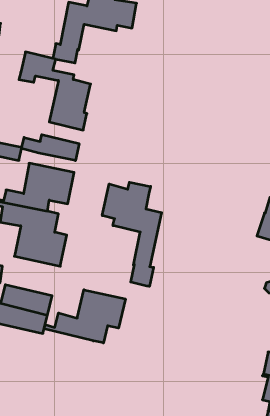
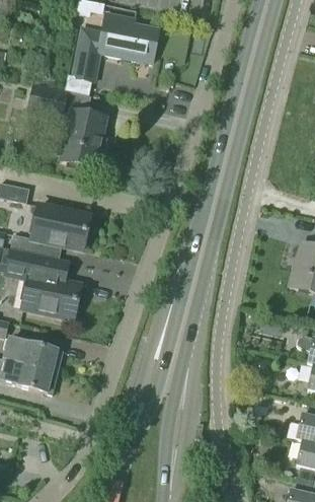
building: [22,135,79,161] -> none
building: [102,182,162,286] -> none
building: [44,290,125,343] -> none

